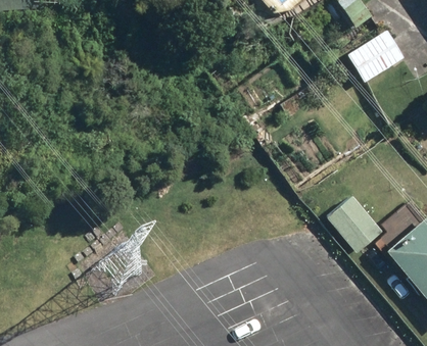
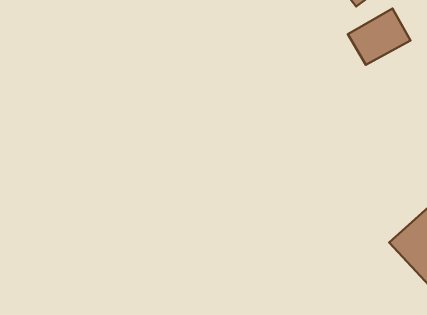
building: [326,195,382,252] -> none

